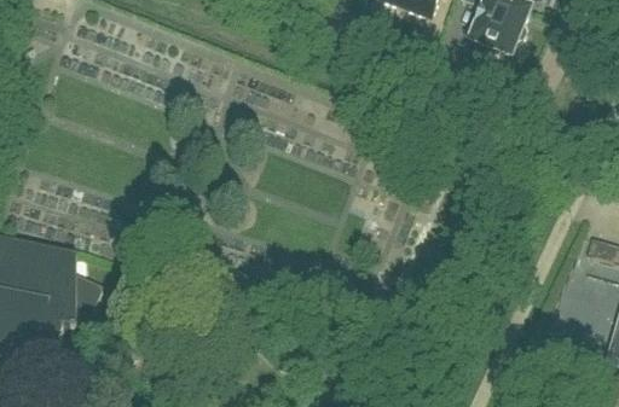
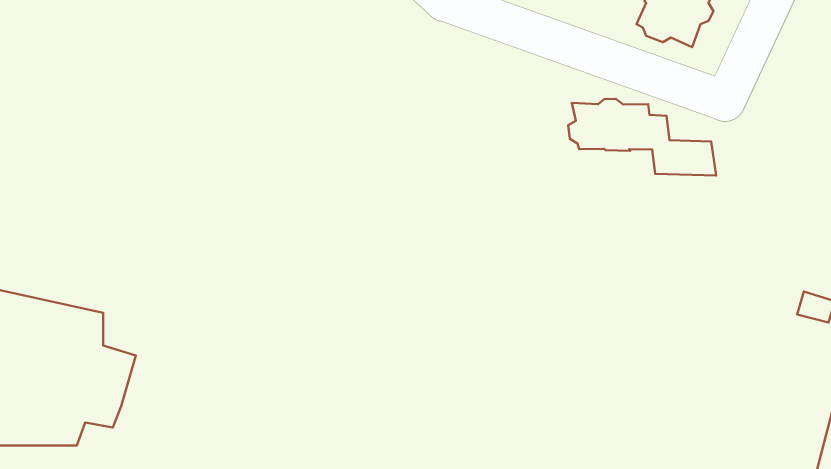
building: none -> [568,99,716,176]

